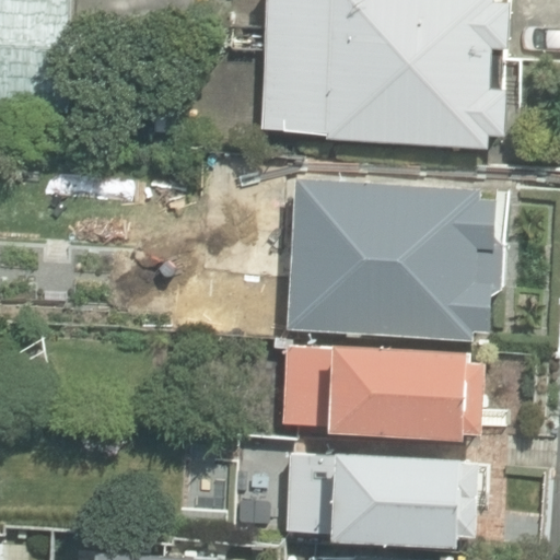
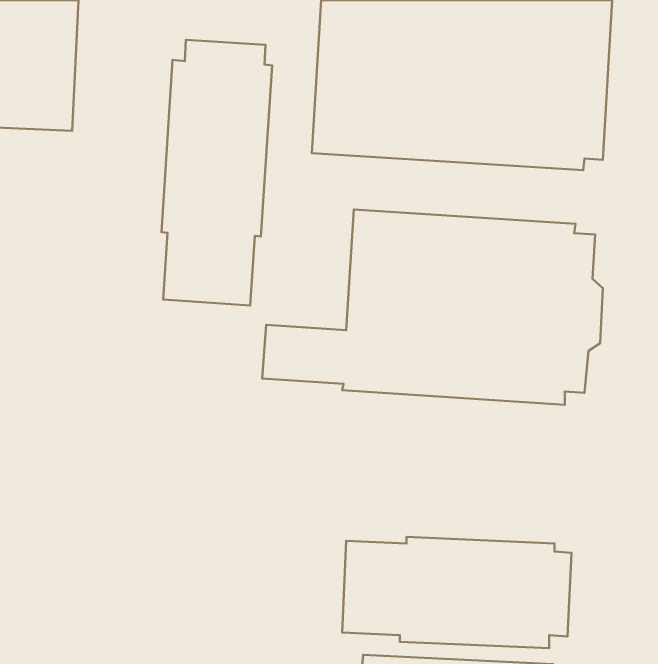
building: none -> [161,40,272,305]
building: [281,345,485,440] -> none

